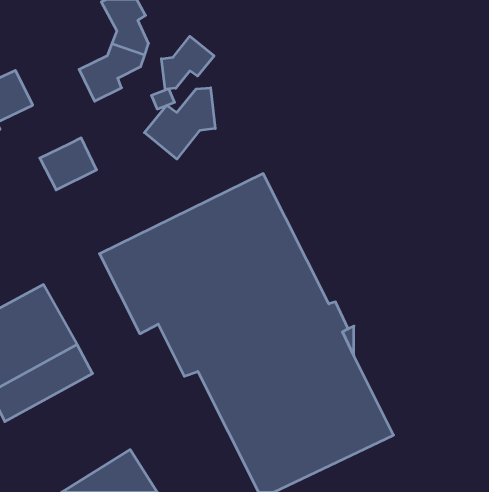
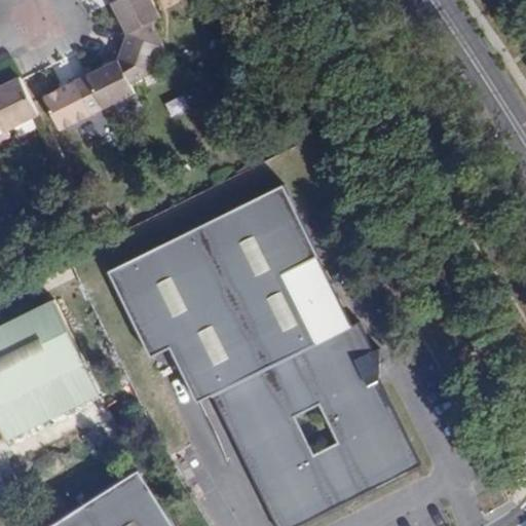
building: [161,36,214,89] -> none
building: [144,88,215,159] -> none
building: [40,138,97,190] -> [40,74,101,129]

